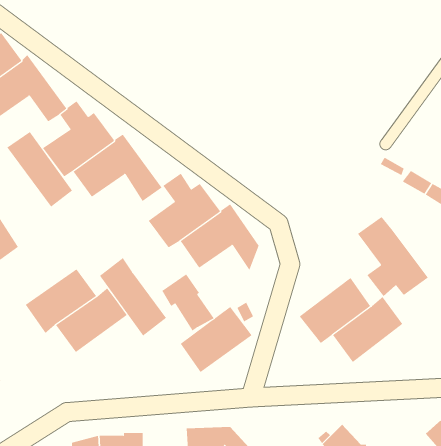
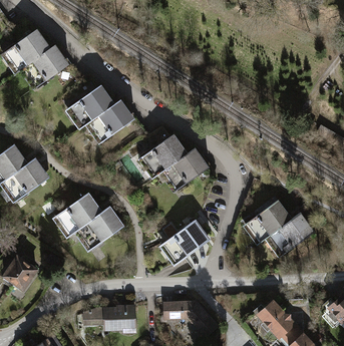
building: [7,131,73,208] -> none
building: [357,216,428,297] -> none
building: [99,257,167,336] -> none
building: [161,273,214,331] -> none

